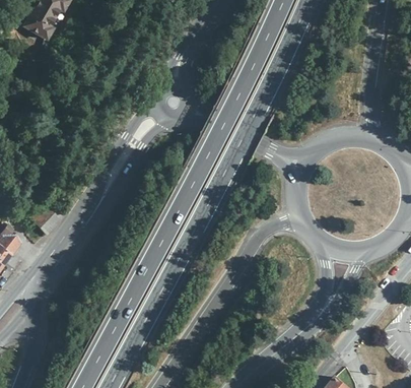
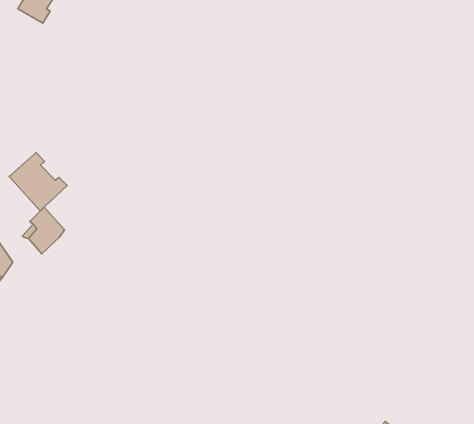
building: none -> [9,152,67,211]

